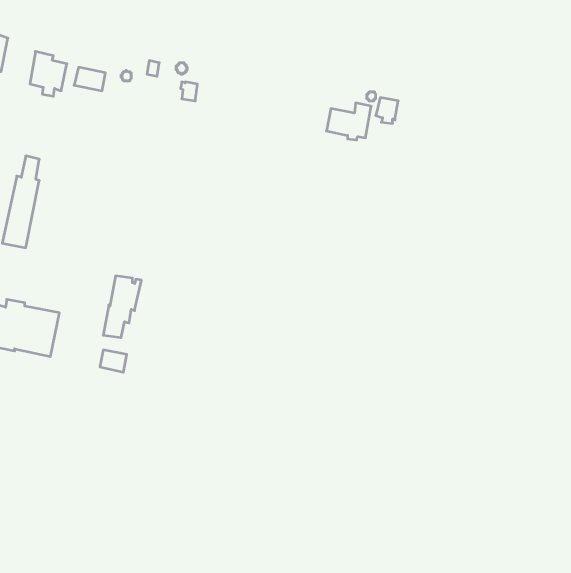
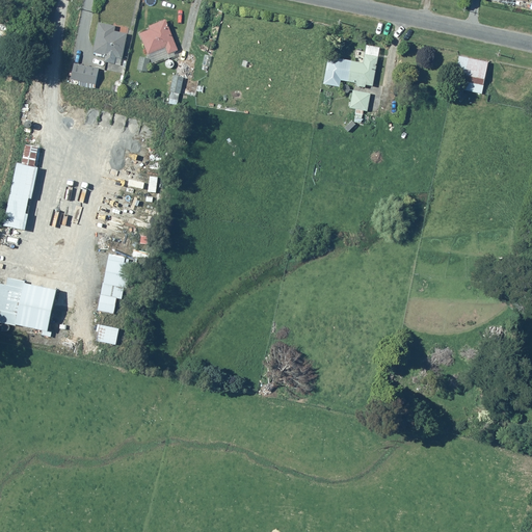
building: none -> [138,19,177,55]
building: [30,51,67,96] -> [91,22,126,63]
building: none -> [450,55,487,98]
building: [326,103,371,140] -> [336,53,377,87]

